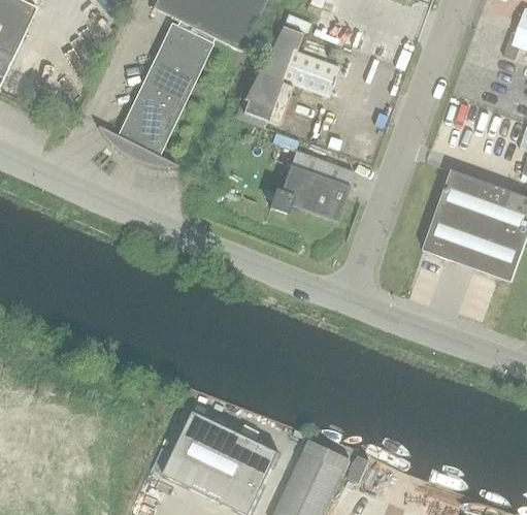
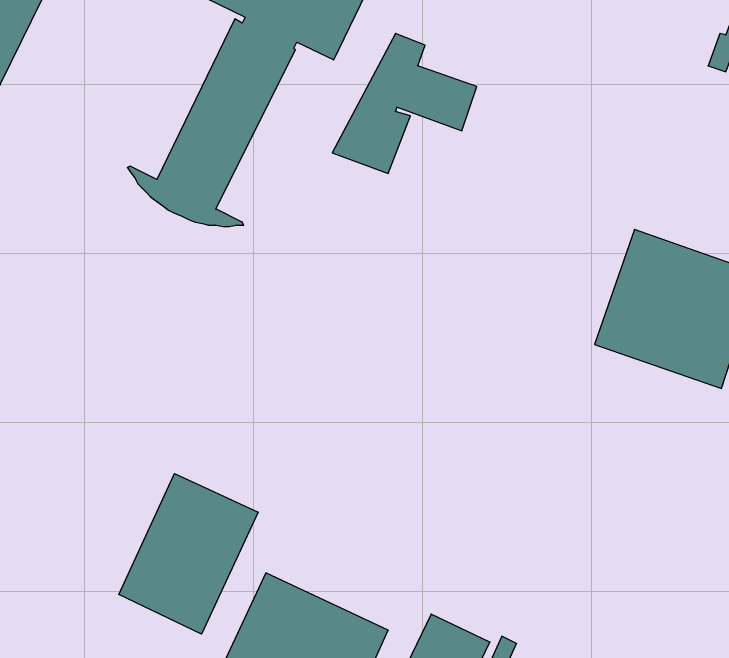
building: [270,149,353,220] -> none
building: none -> [119,474,258,634]

